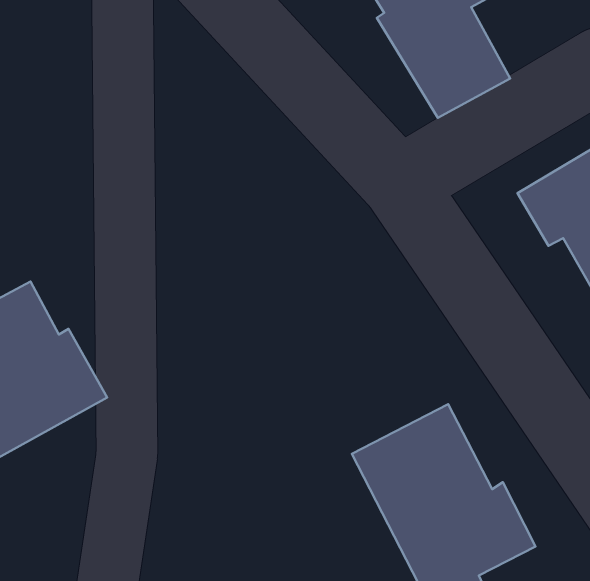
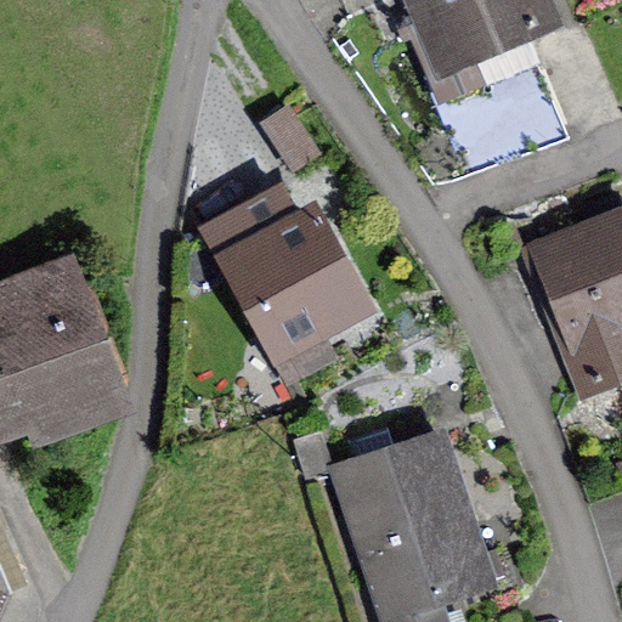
building: none -> [213,182,358,341]

